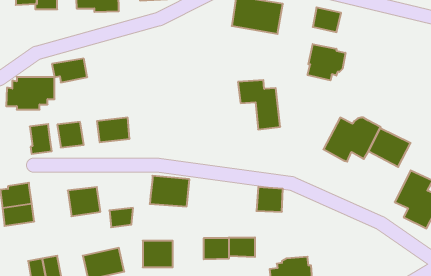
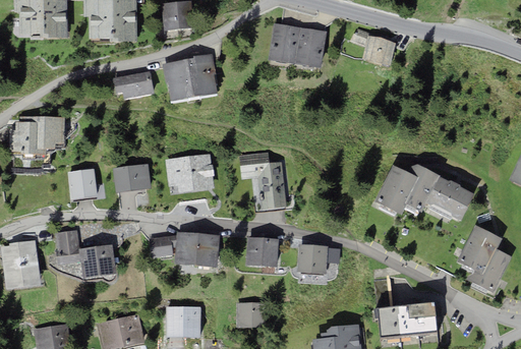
building: none -> [163,52,218,101]
building: [308,44,345,80] -> none
building: [52,59,87,82] -> [113,71,154,99]
building: [238,80,280,129] -> [238,153,287,210]
building: none -> [165,154,215,192]
building: [30,124,52,154] -> [56,230,81,265]
building: none -> [245,237,279,267]
building: [109,208,133,227] -> [150,235,177,257]
building: none -> [377,301,438,338]
building: [229,237,255,257] -> none

